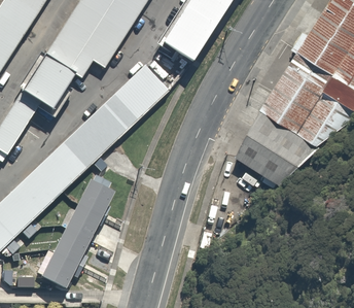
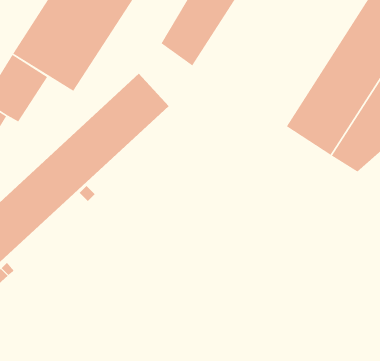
building: [239,109,322,181] -> none
building: [46,174,118,285] -> none

